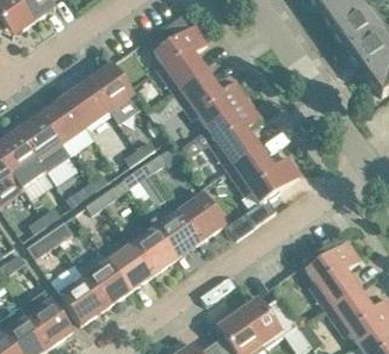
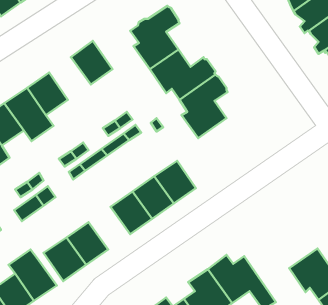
building: [66,80,111,126] -> none
building: [228,147,301,225] -> none
building: [305,241,359,310] -> none
building: [109,243,154,290] -> none

